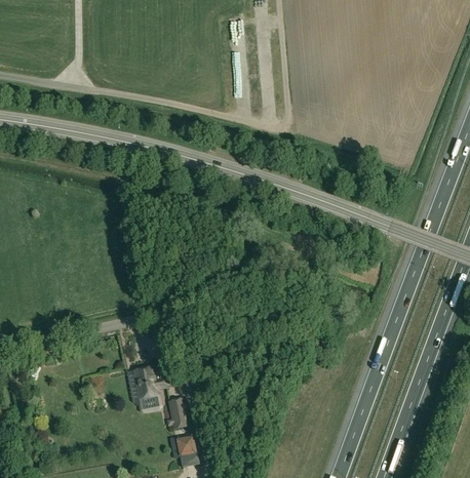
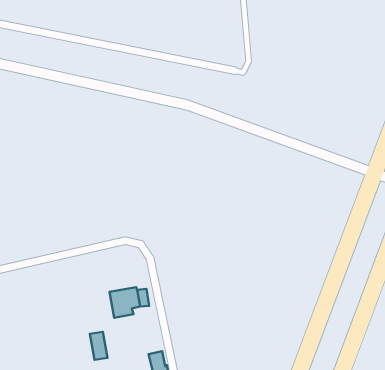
building: [166,398,186,429] -> [90,332,108,360]

